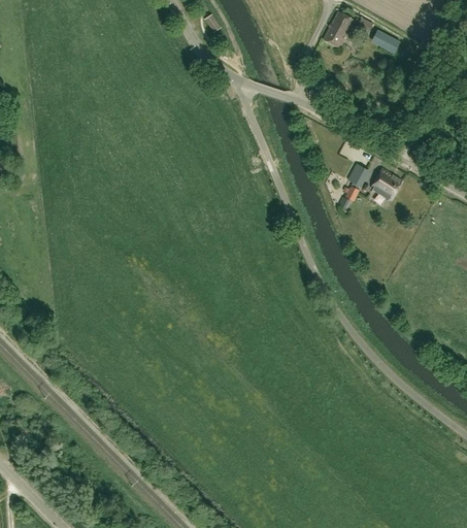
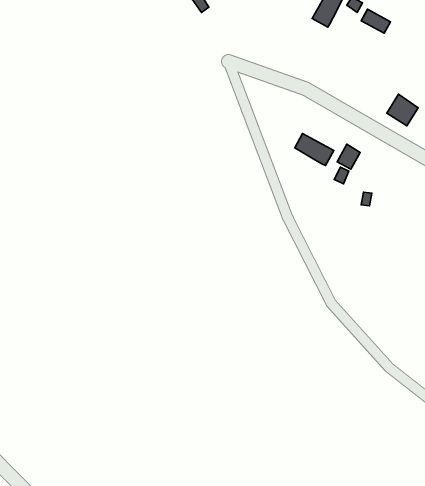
building: none -> [295,134,334,166]
building: [371,167,402,198] -> [387,94,418,126]

